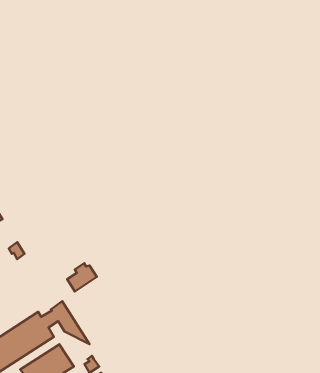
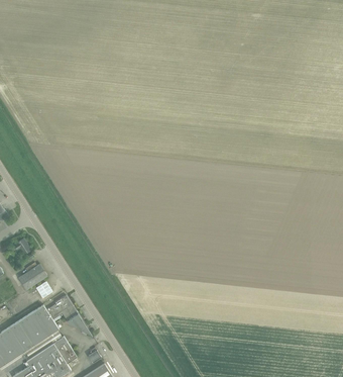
building: [67,263,97,292] -> [17,264,45,291]

